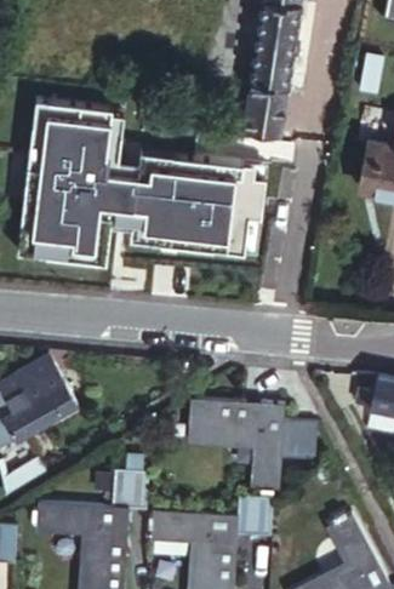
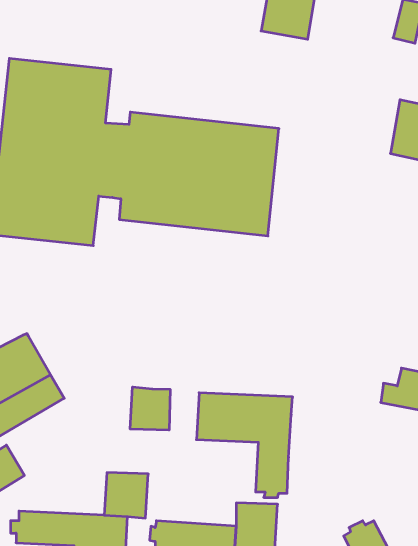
building: [242,80,293,136] -> none
building: none -> [130,387,170,430]
building: [276,418,312,458] -> none

